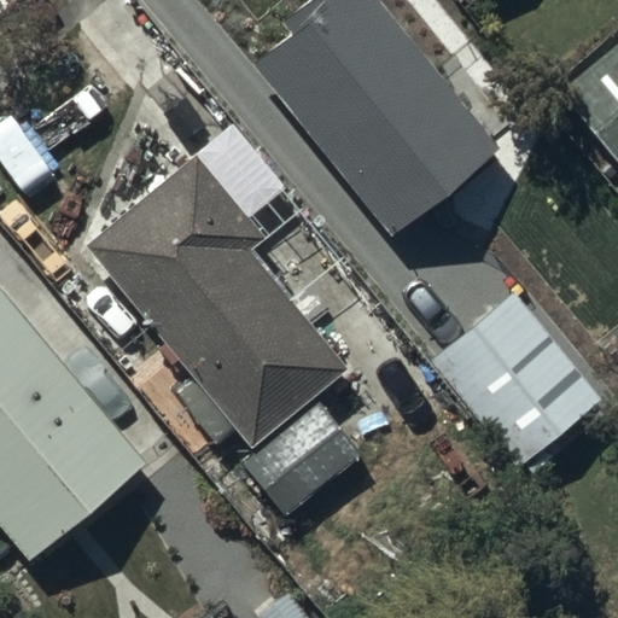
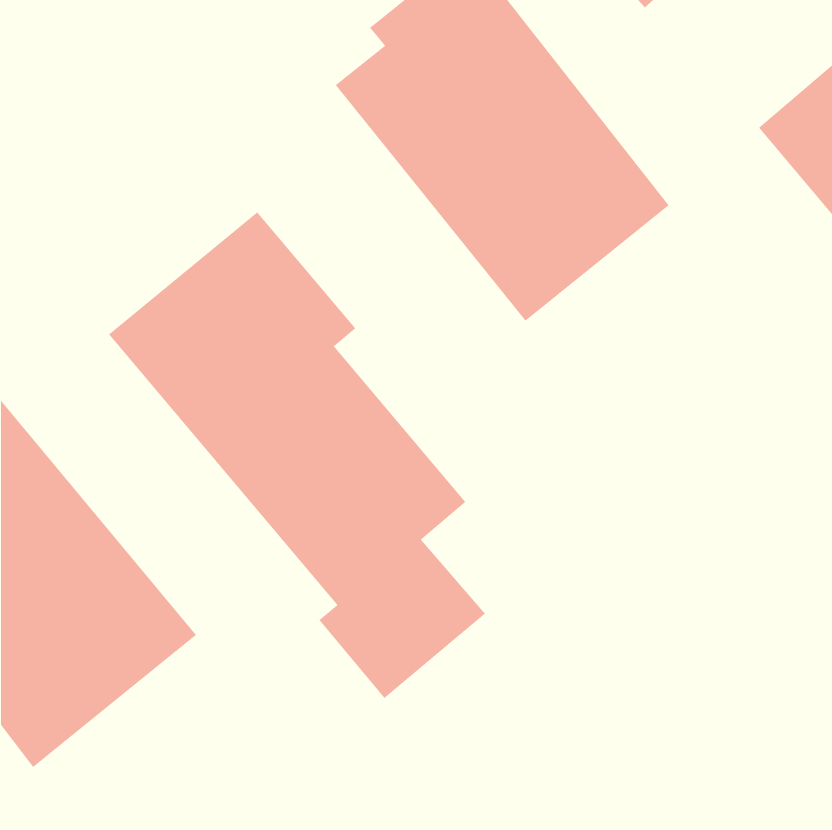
building: [428,287,602,467] -> none

